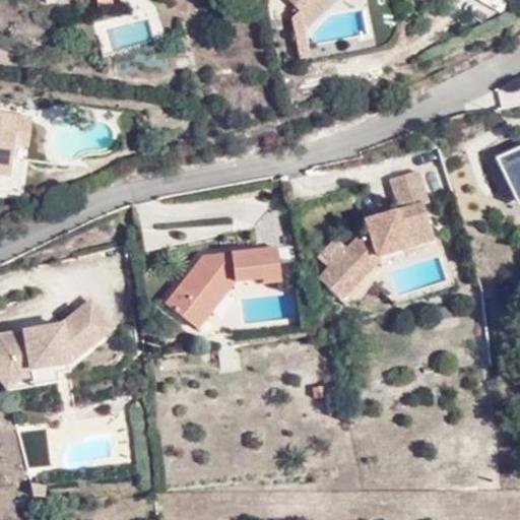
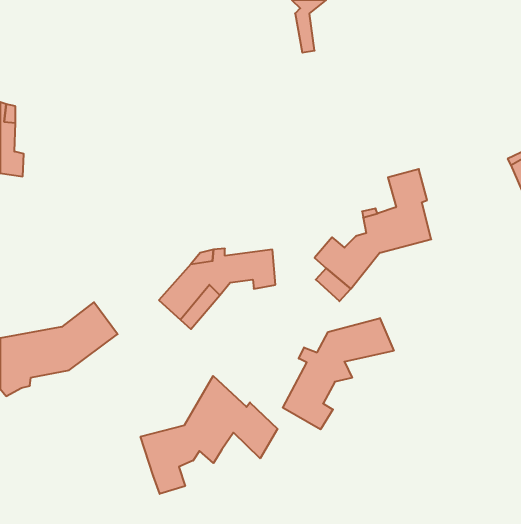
building: none -> [283,318,394,429]
building: none -> [141,376,278,494]

